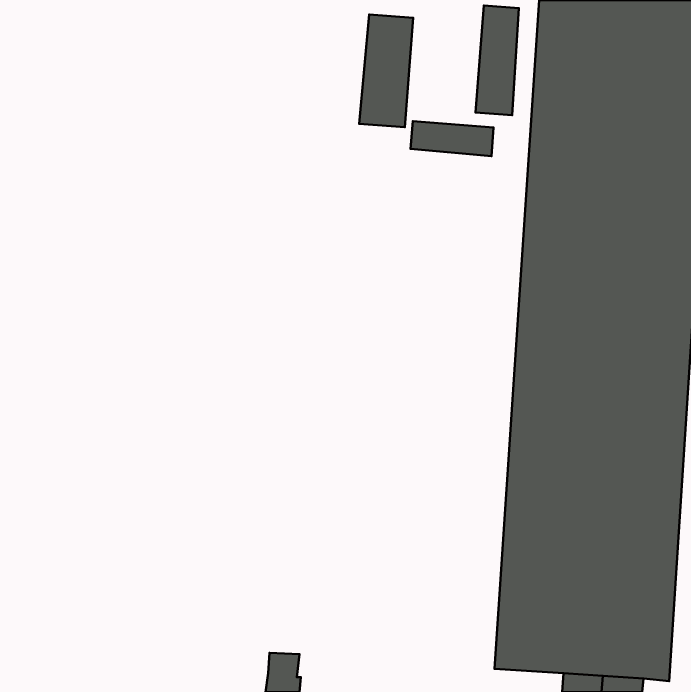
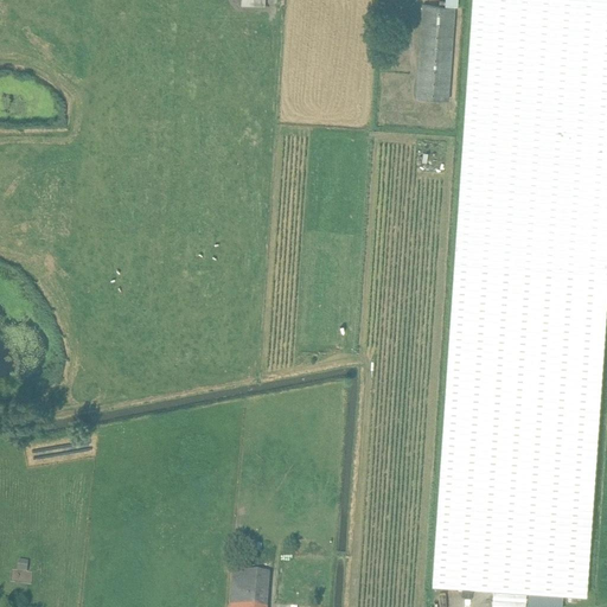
building: [359,15,413,127] -> none
building: [411,121,494,156] -> none

